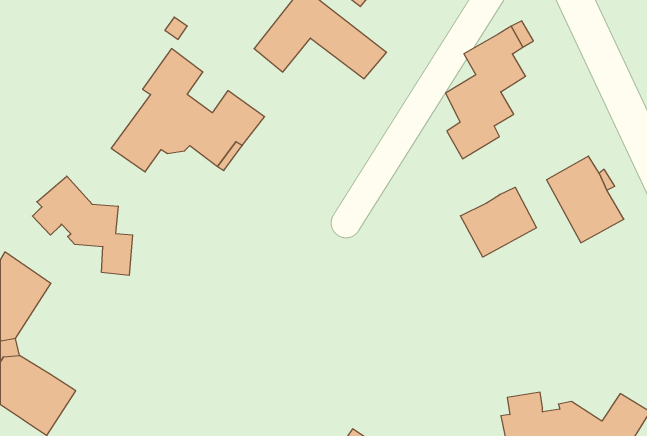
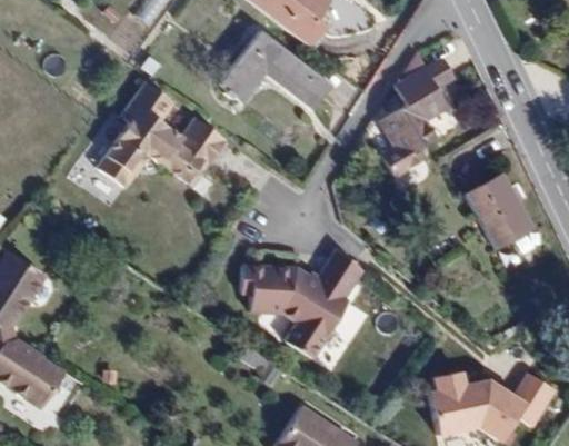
building: [32,176,133,275] -> none
building: [460,187,537,257] -> none
building: none -> [241,249,362,357]

